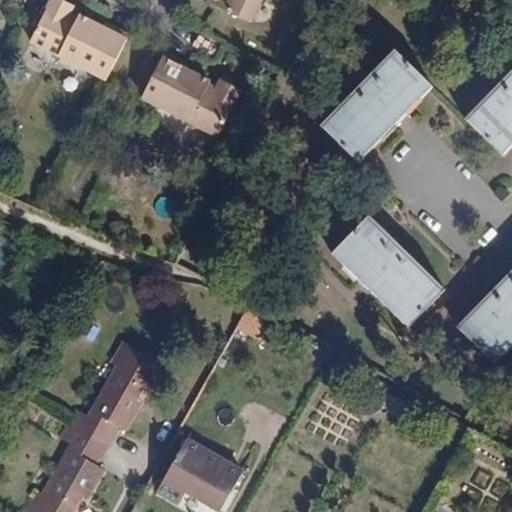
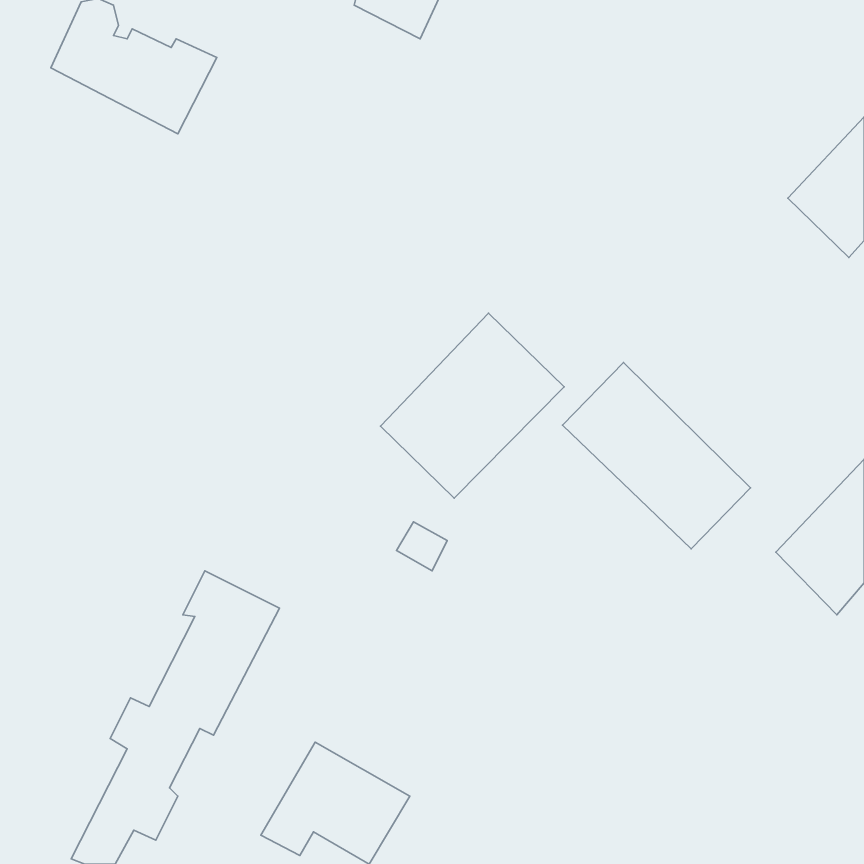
building: [320,49,430,160] -> none
building: [142,52,237,135] -> none
building: none -> [380,313,564,498]

